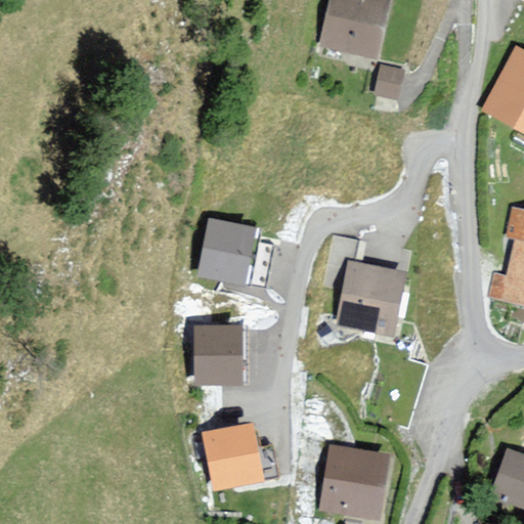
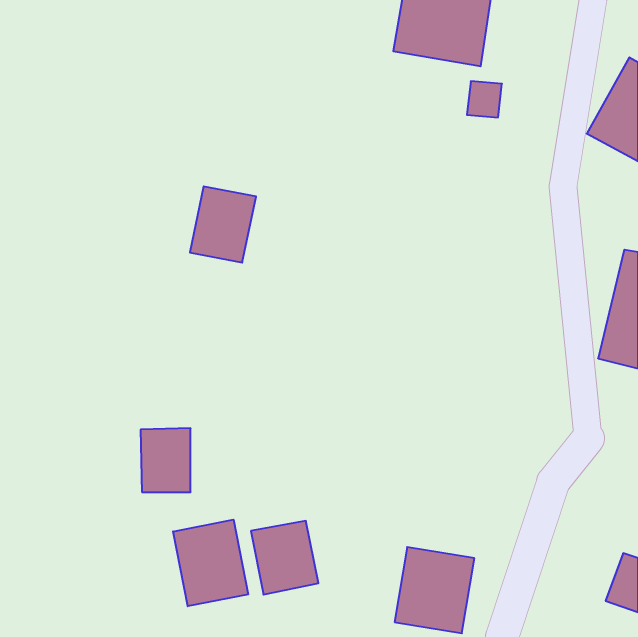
building: [200,220,254,282] -> [190,186,256,263]
building: [341,265,402,333] -> none
building: [199,328,239,380] -> [141,428,191,492]
building: none -> [173,520,248,606]

